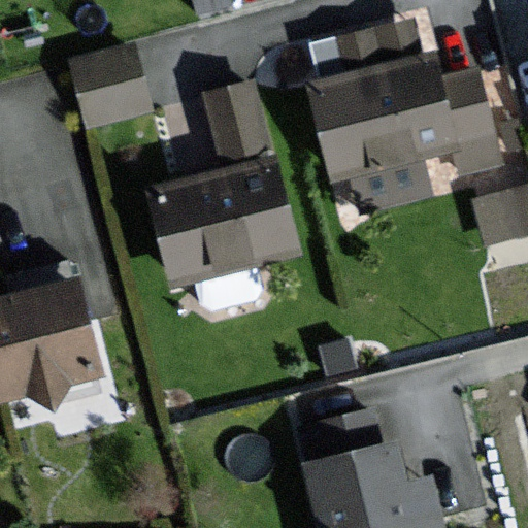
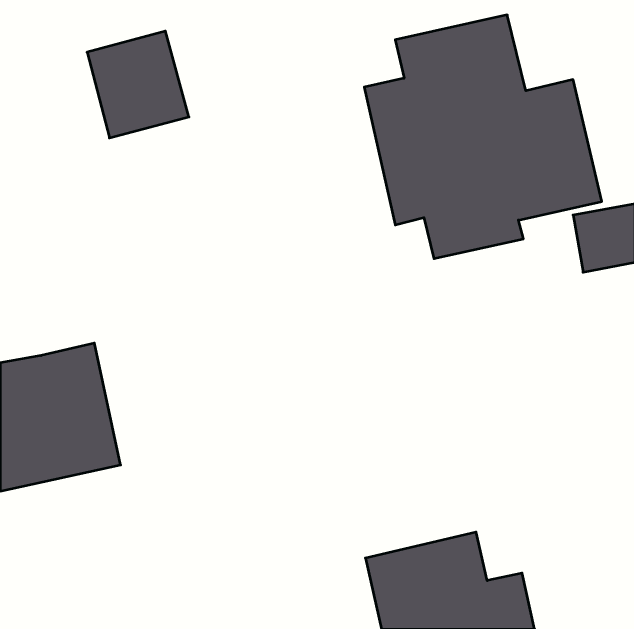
building: [141,82,300,293] -> none

